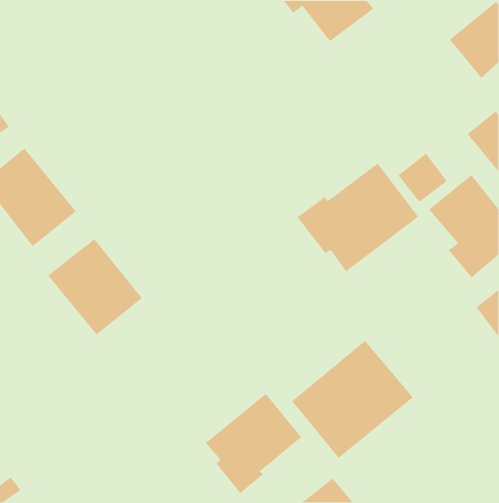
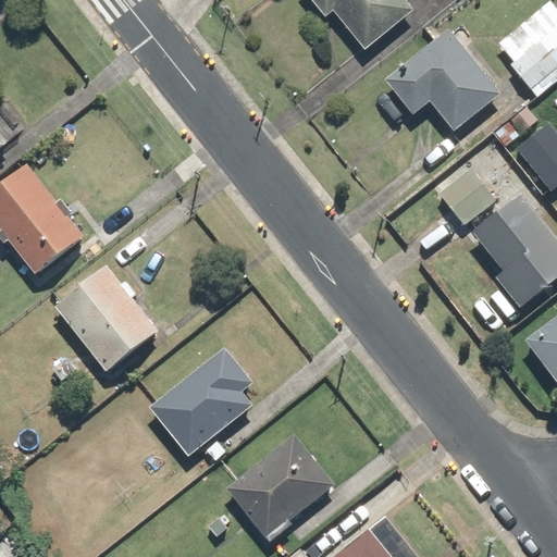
building: none -> [385,28,498,129]
building: [297,163,419,272] -> none
building: none -> [149,347,252,457]
building: [291,340,414,459] -> none

